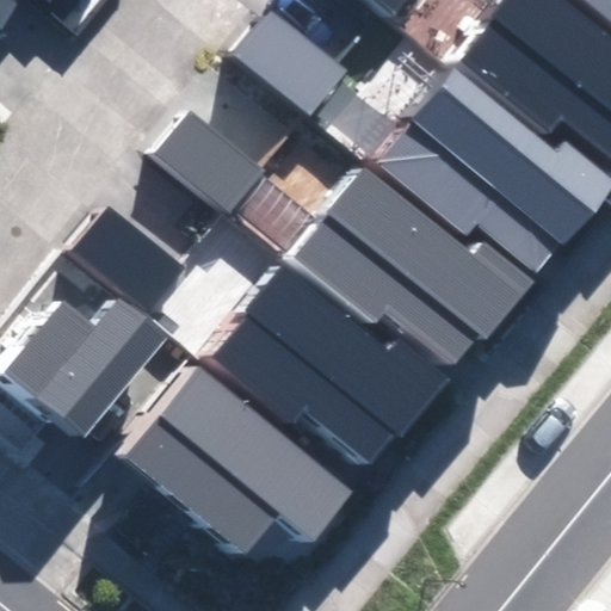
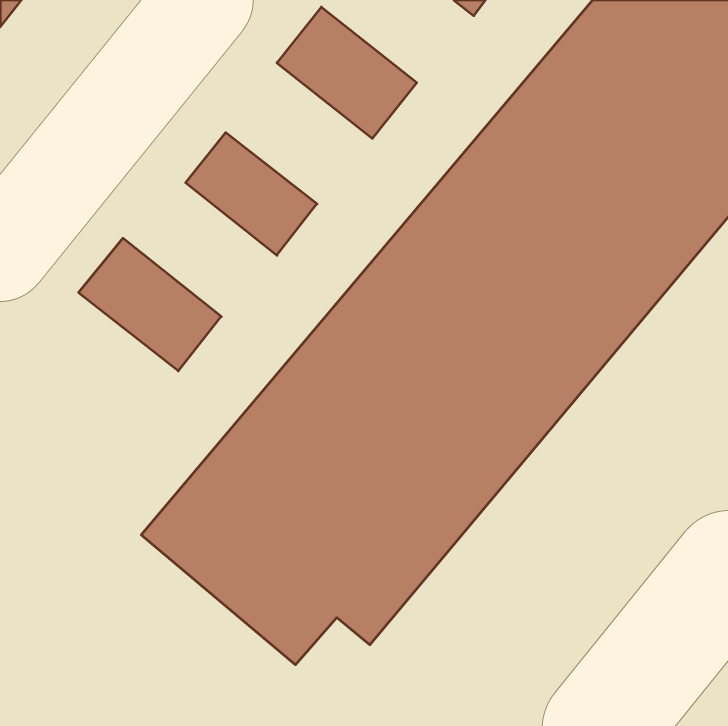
building: [6,302,167,440] -> none

